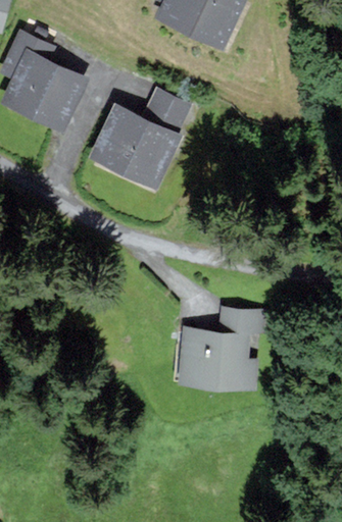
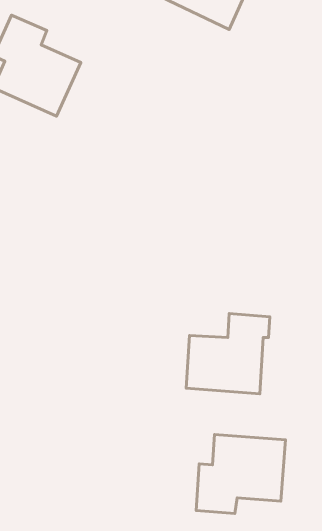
building: [91,92,188,185] -> none
building: none -> [196,435,285,514]

